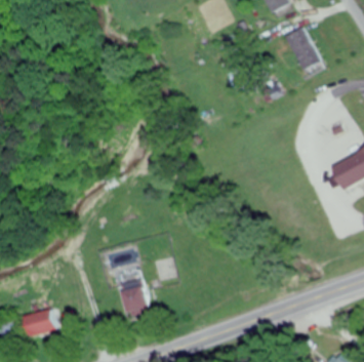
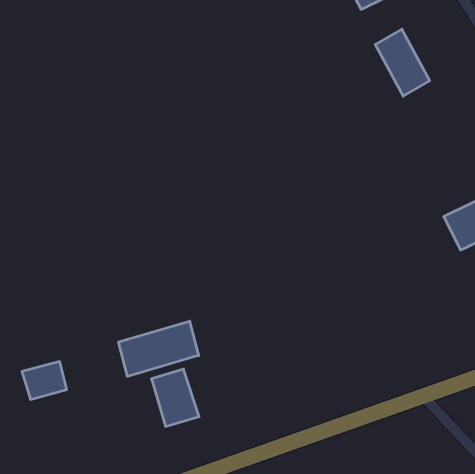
building: none -> [119,321,199,376]
building: [24,308,56,335] -> [22,362,67,399]

